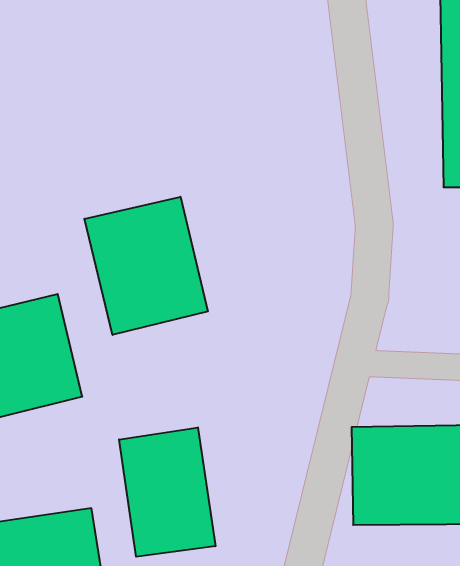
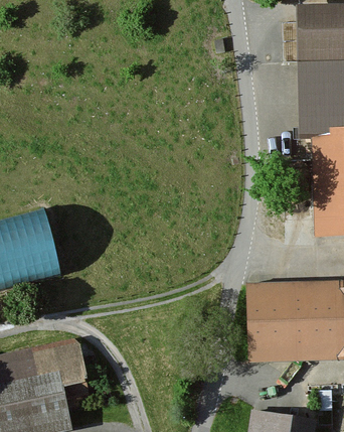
building: [84,197,208,335] -> none
building: [119,427,215,557] -> none

